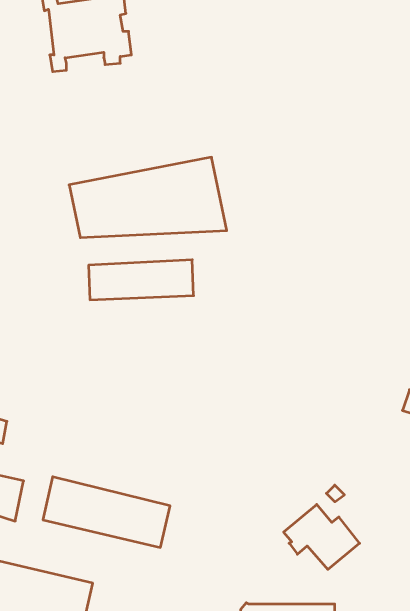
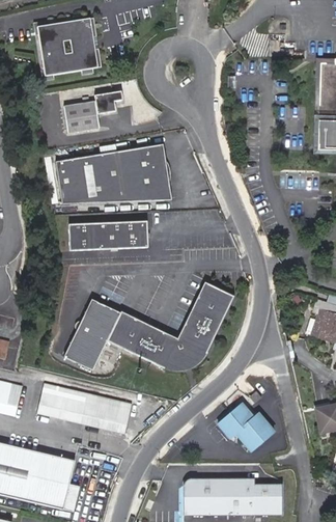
building: none -> [62,93,115,135]
building: none -> [56,282,234,370]

